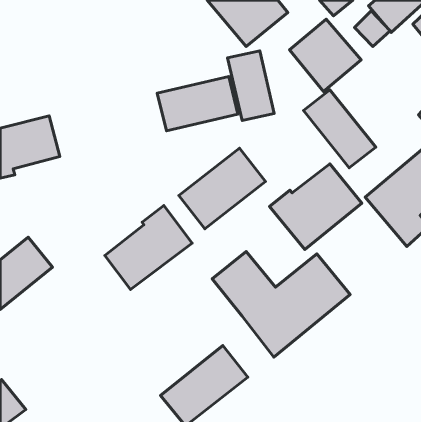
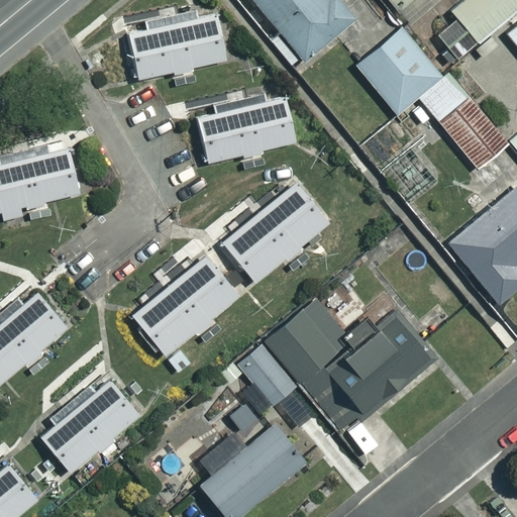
building: none -> [128,16,223,79]
building: [227,51,274,120] -> none
building: [303,90,376,168] -> [423,76,511,171]
building: [270,164,362,250] -> none
building: none -> [235,342,299,409]
building: none -> [40,379,140,473]

